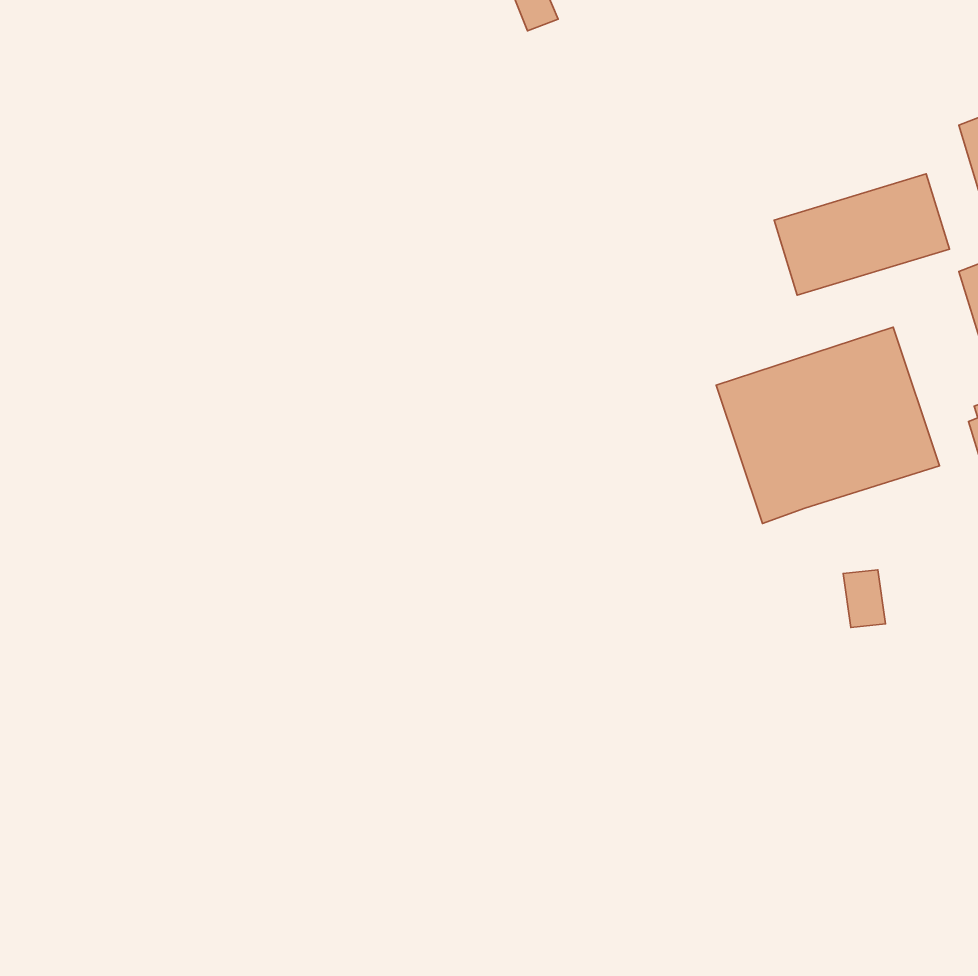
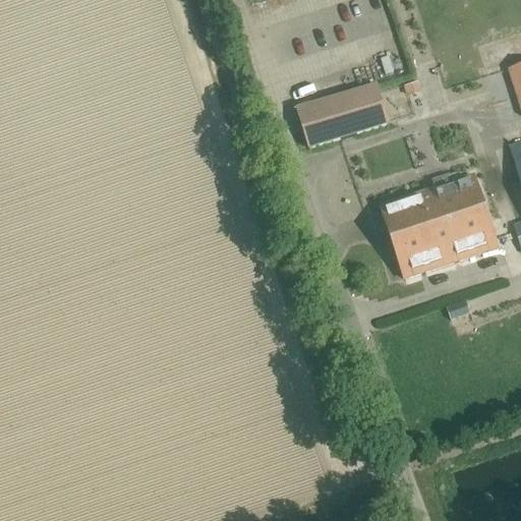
building: [774,174,949,295] -> [297,81,390,146]

